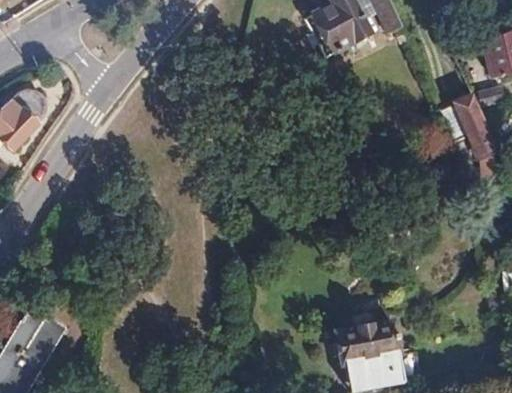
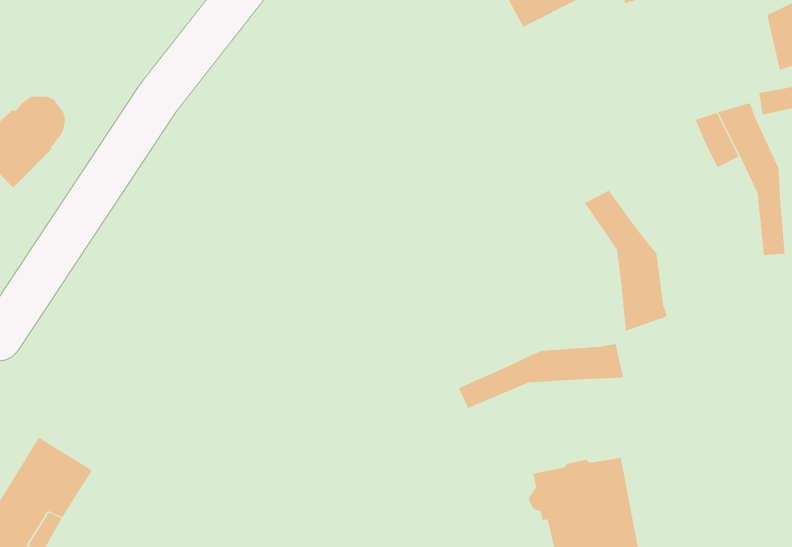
building: none -> [584,190,667,331]
building: none -> [458,343,624,409]

